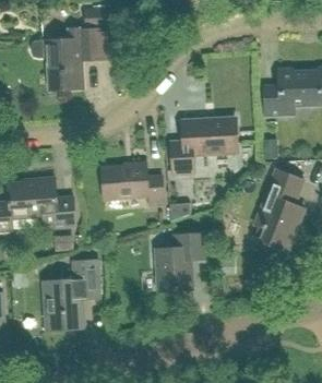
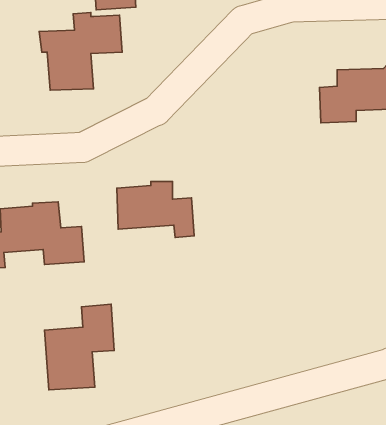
building: [170,117,236,173] -> none
building: [255,169,306,251] -> none
building: [155,234,207,290] -> none

